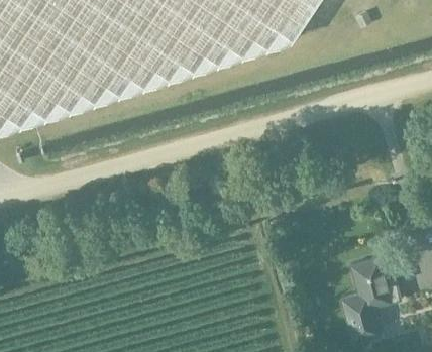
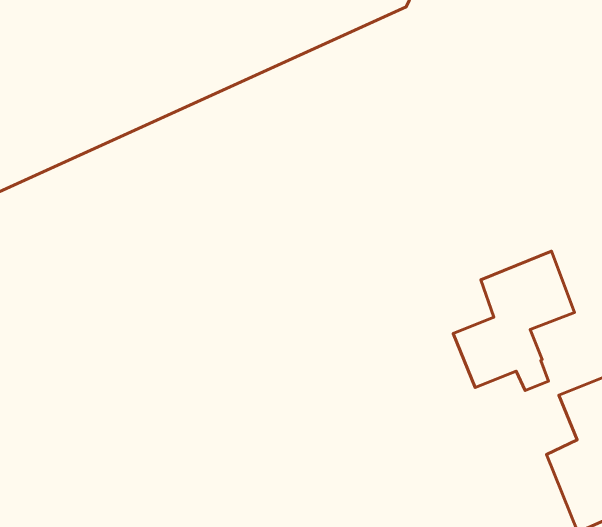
building: none -> [453,251,575,391]

